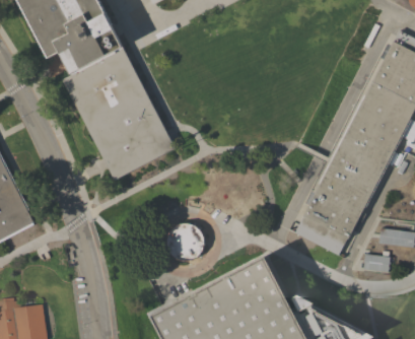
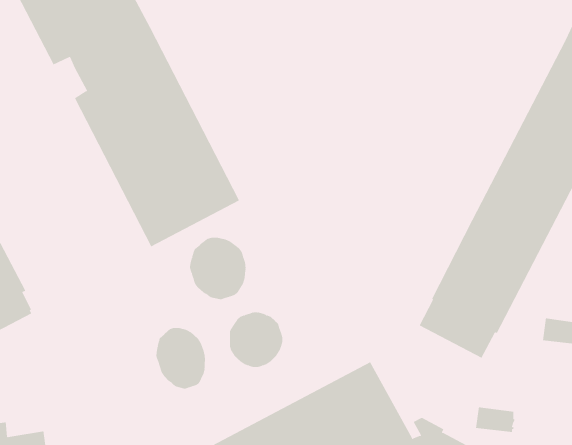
building: none -> [189,237,246,300]
building: none -> [156,327,206,389]
building: [362,254,390,271] -> [475,407,516,433]

